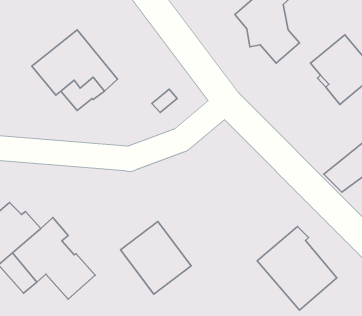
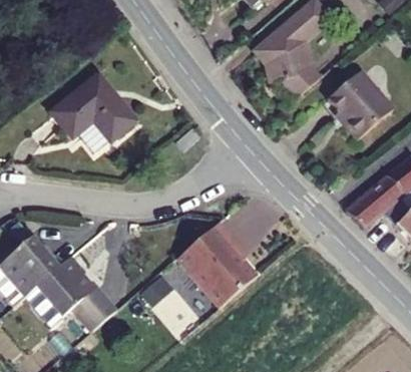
building: [257,226,337,310] -> [180,220,260,303]

